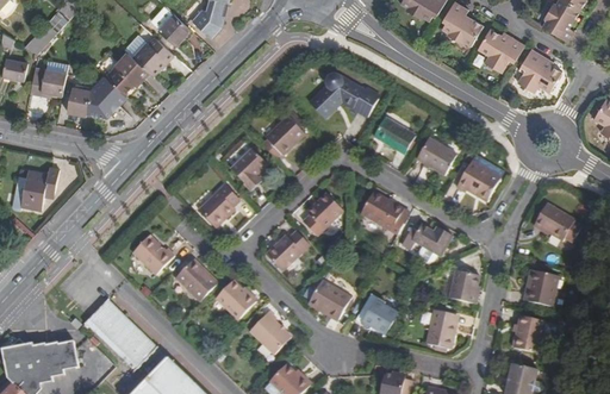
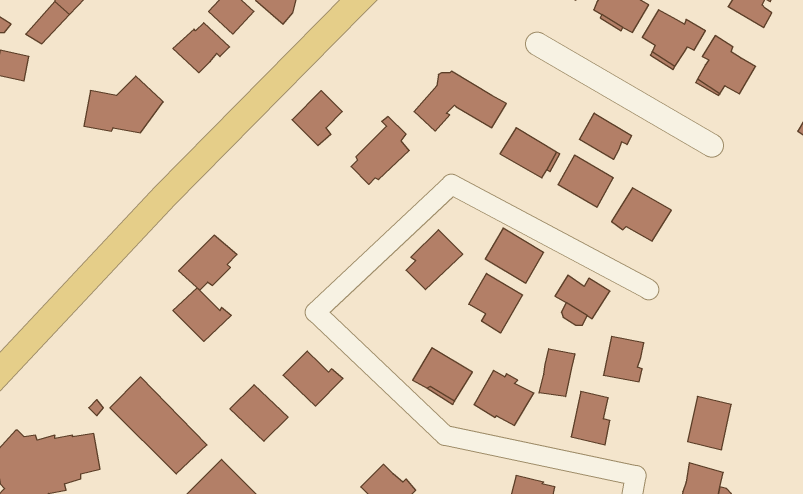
building: [105,54,150,95] -> none
building: [29,68,67,94] -> none
building: none -> [579,113,631,159]
building: [231,146,268,187] -> [292,91,342,146]
building: [23,168,61,209] -> none
building: [195,182,238,223] -> [179,235,237,290]
building: [531,201,580,240] -> none
building: none -> [469,273,523,333]
building: [264,227,310,269] -> none
building: [175,258,218,300] -> [230,385,288,441]
building: [527,268,558,305] -> none
building: none -> [539,349,575,397]
building: [249,312,290,355] -> none

